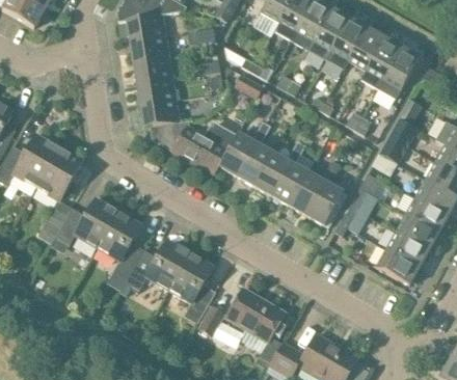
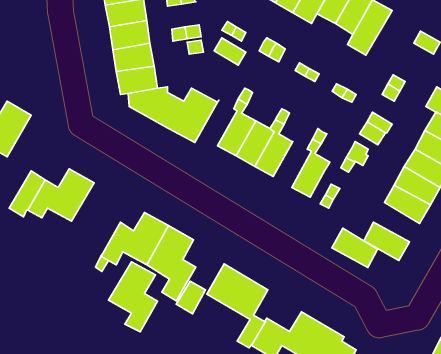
building: [378,48,420,100] -> none
building: [219,133,256,177] -> none
building: [36,147,82,202] -> none
building: [290,172,326,216] -> none
building: [98,212,144,278] -> [109,262,158,332]
building: [385,230,429,268] -> [332,228,378,268]

